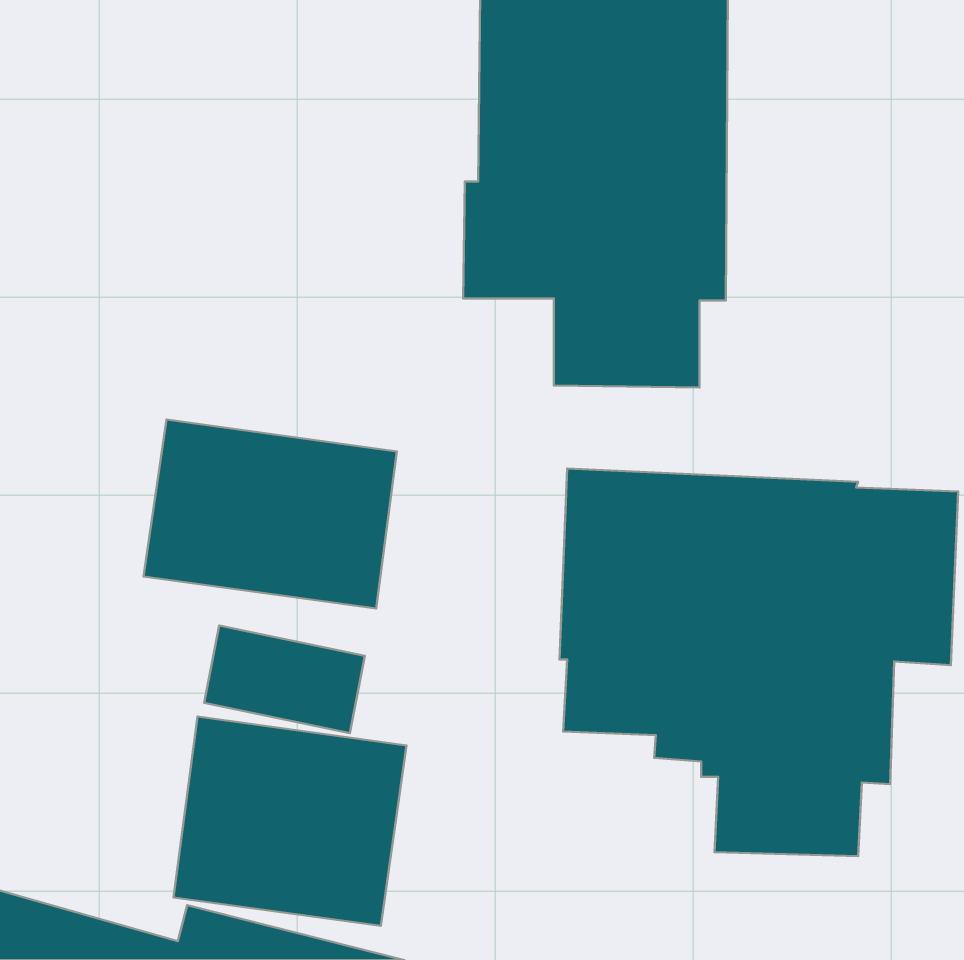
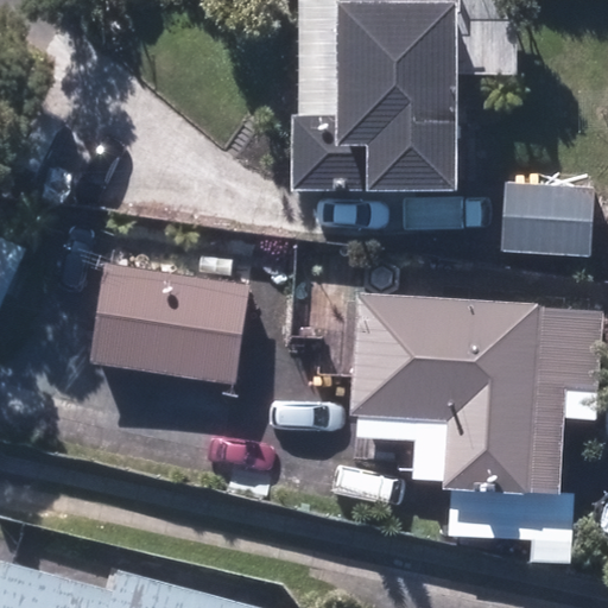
building: none -> [469,182,594,256]
building: [173,717,407,926] -> none

